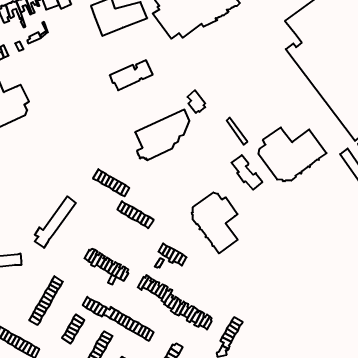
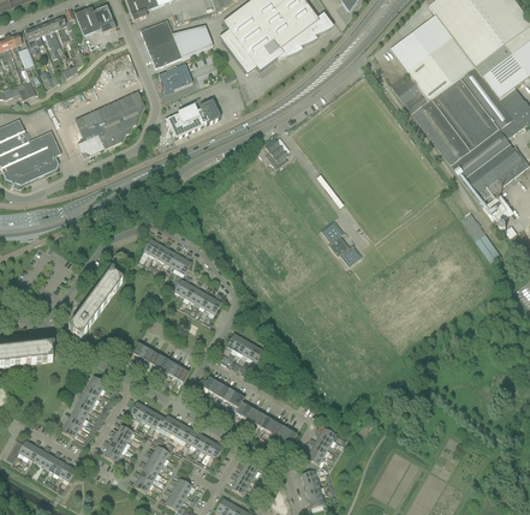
building: none -> [157,62,192,91]
building: [135,110,189,160] -> [75,90,144,155]
building: [259,127,327,181] -> none
building: [192,192,238,253] -> none

